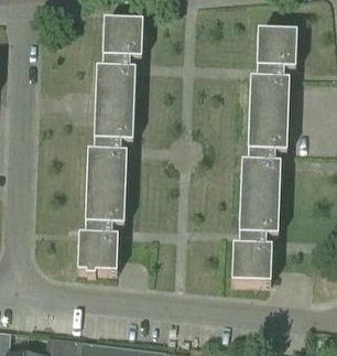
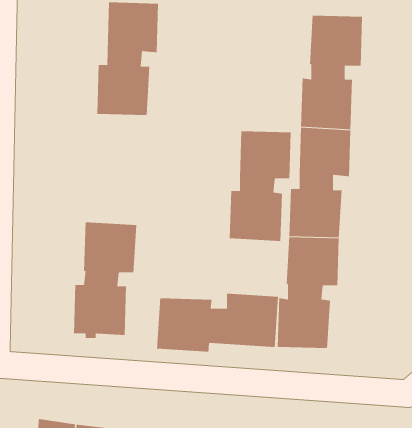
building: [86,106,133,190] -> [229,131,292,242]
building: none -> [157,293,279,352]

